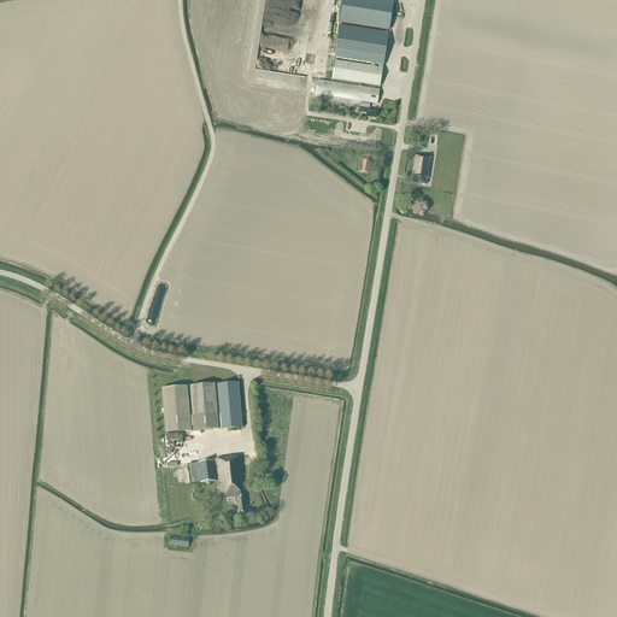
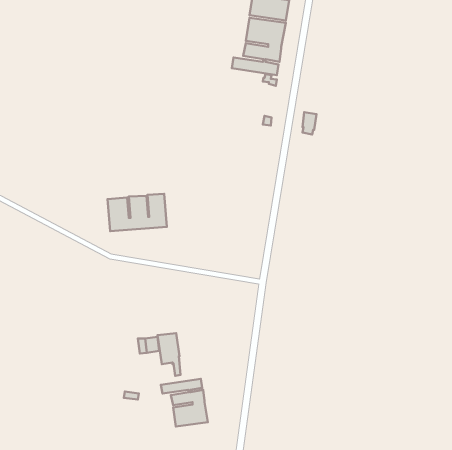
building: [161,381,242,431] -> [108,194,167,231]
building: none -> [161,379,208,426]

